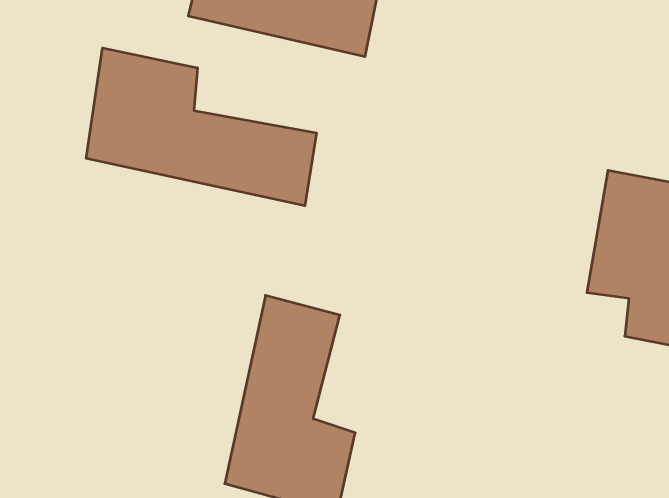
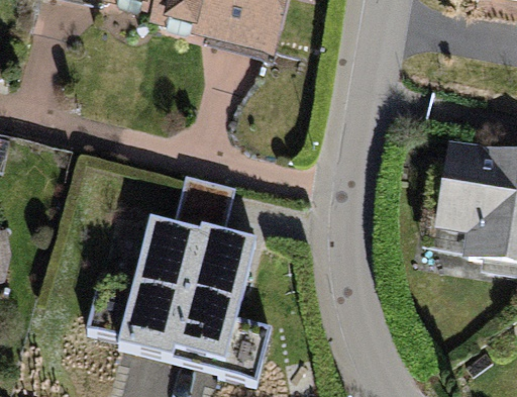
building: [86,48,316,206] -> none
building: none -> [89,213,205,360]

